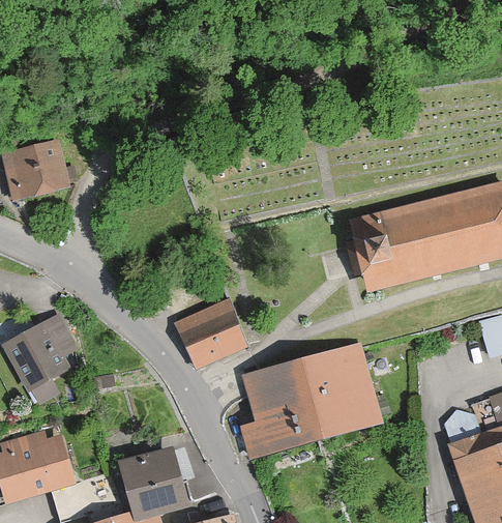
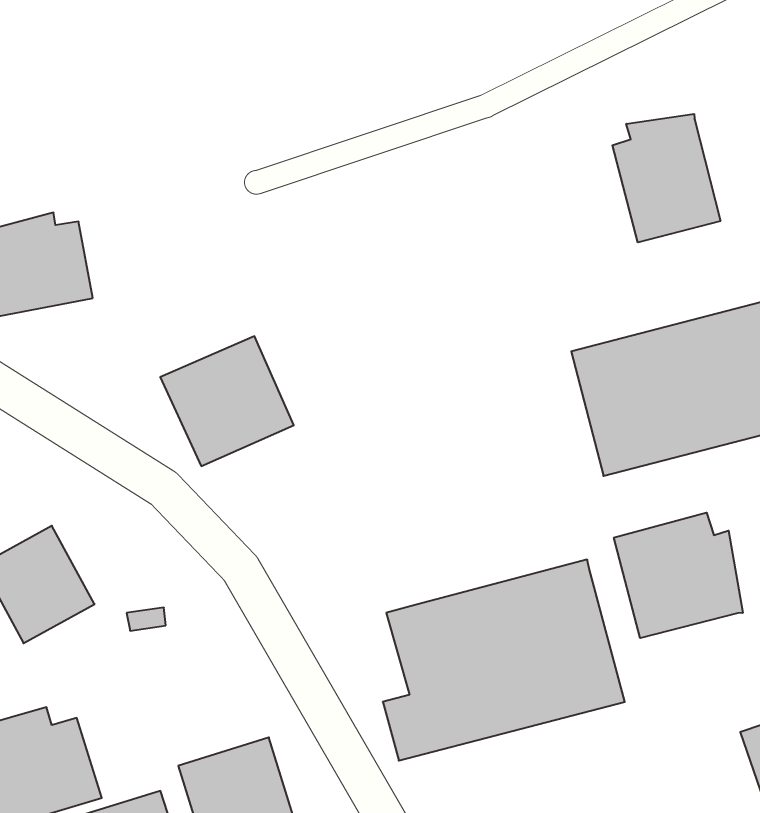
building: none -> [612,114,720,242]
building: [171,294,248,370] -> [160,336,294,466]
building: none -> [614,513,743,638]

